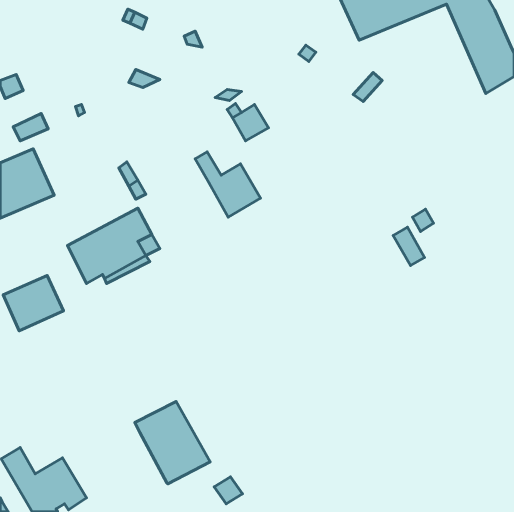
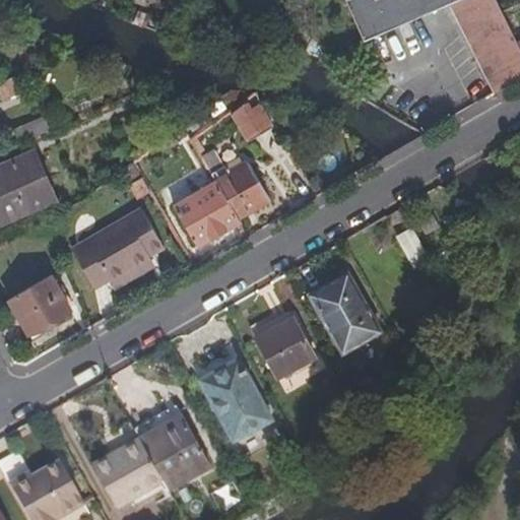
building: none -> [169,185,234,248]
building: none -> [309,271,382,353]
building: none -> [257,316,319,377]
building: none -> [206,358,277,437]
building: none -> [94,437,169,504]

